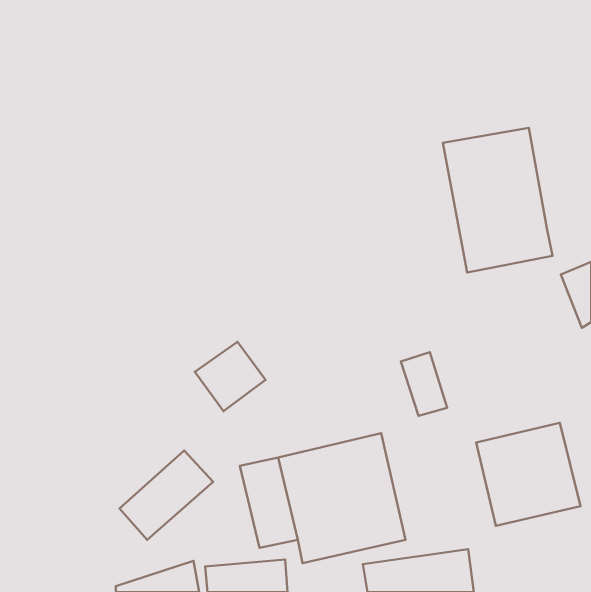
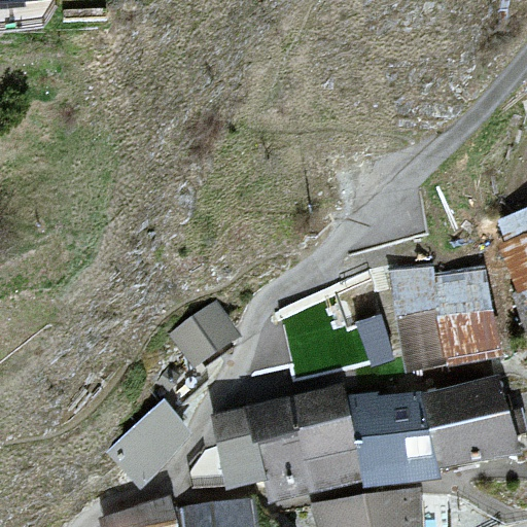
building: [443,128,553,272] -> none
building: none -> [390,266,500,371]
building: none -> [352,392,432,484]

